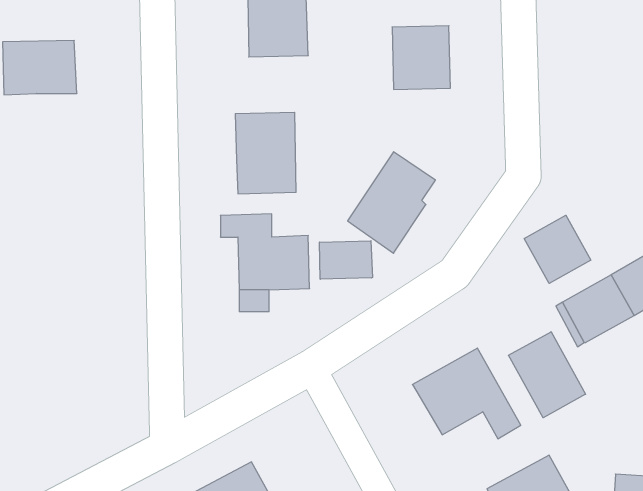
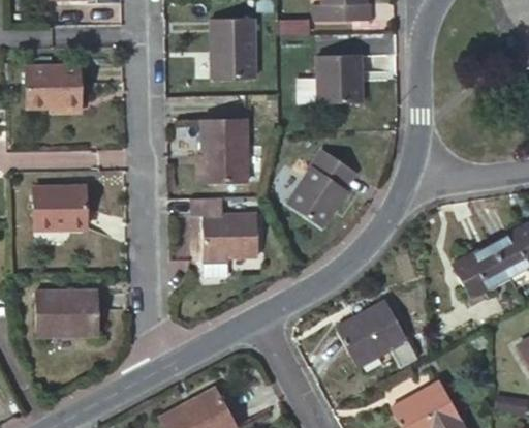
building: none -> [39,191,92,234]
building: [524,215,591,283] -> none
building: [320,241,373,279] -> none
building: [508,332,586,418] -> none
building: none -> [29,289,97,336]

